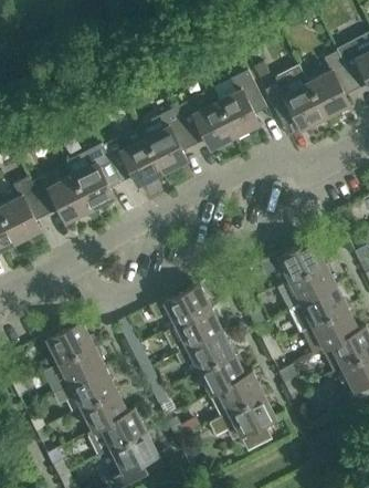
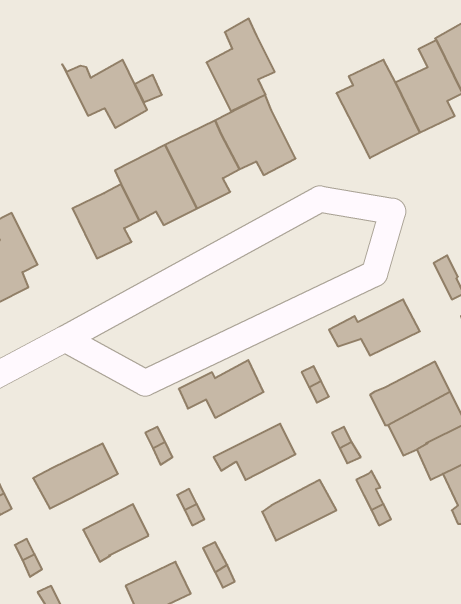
building: [217,70,266,137] -> [206,19,275,111]
building: [28,174,89,224] -> [62,60,147,128]
building: [276,263,336,308] -> none
building: [162,308,223,355] -> none
building: [45,322,94,363] -> none
building: [198,353,245,395] -> none
building: [55,367,116,408] -> none
building: [209,394,276,449] -> none
building: [86,408,147,456] -> none

